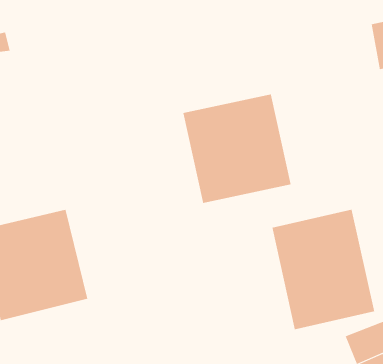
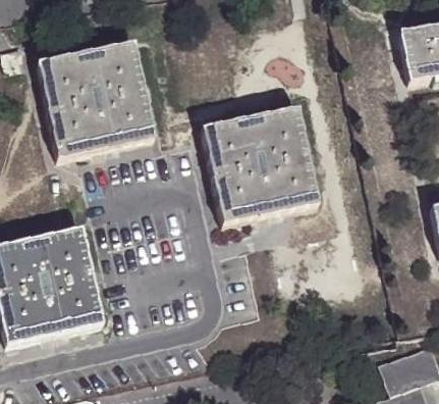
building: none -> [38,38,154,156]
building: [272,209,375,330] -> none

